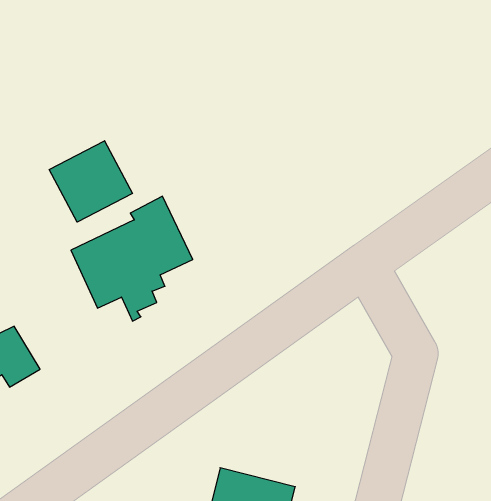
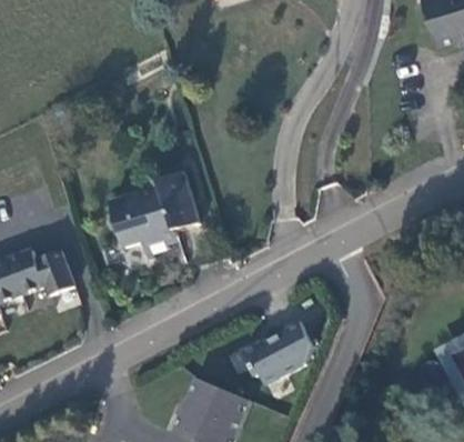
building: [49,141,132,222] -> none
building: none -> [241,322,312,384]

